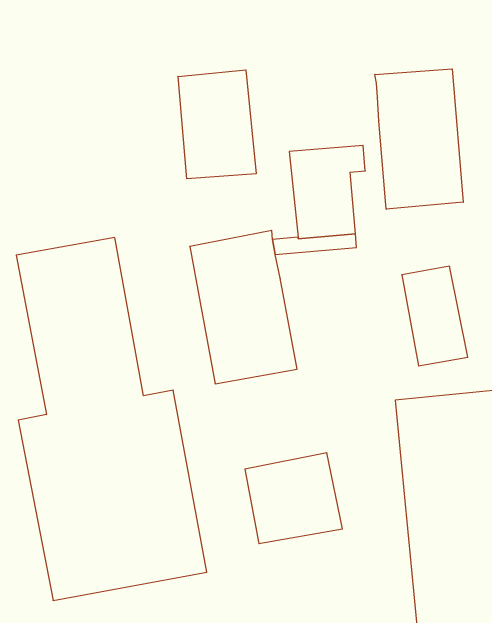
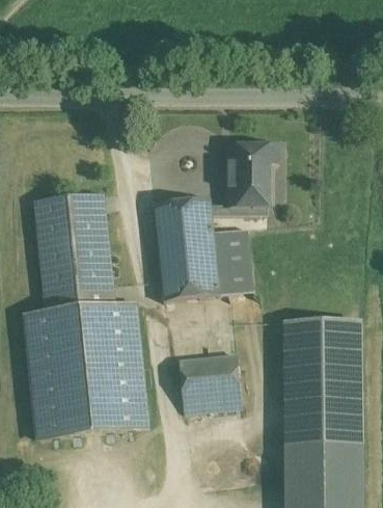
building: [375,69,463,209] -> none
building: [178,70,256,179] -> none
building: [402,266,468,366] -> [214,228,254,294]

